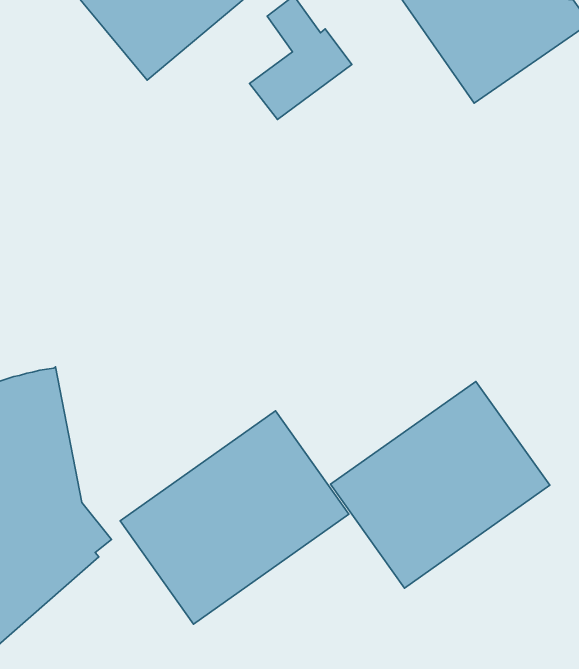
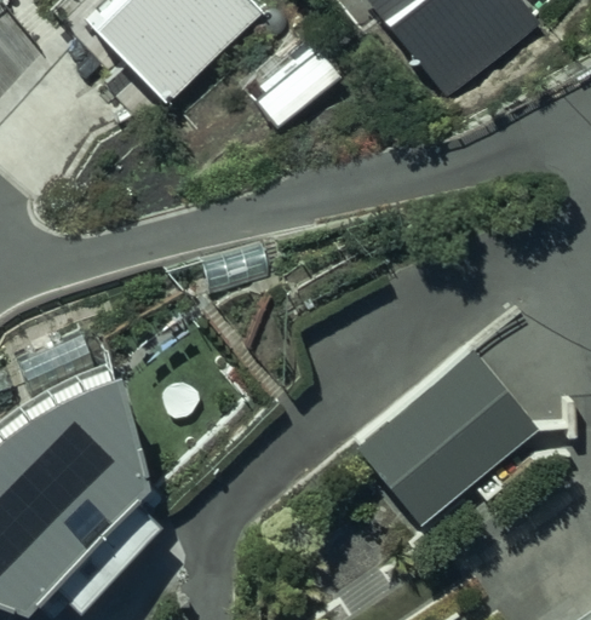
building: [120,411,349,624] -> none

